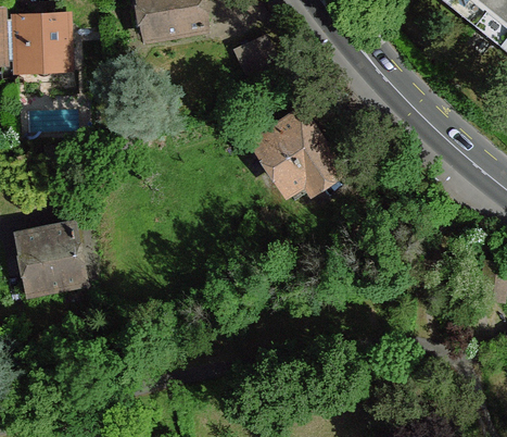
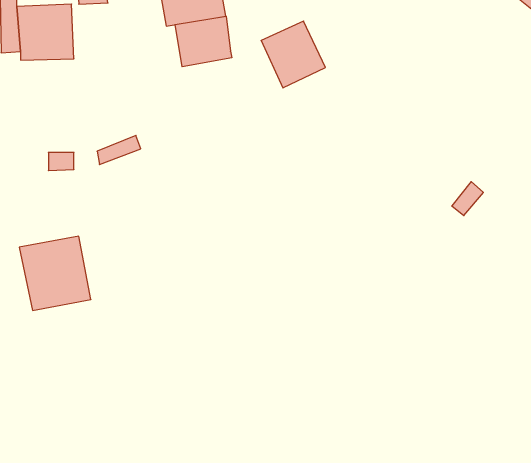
building: none -> [175,16,232,67]
building: [258,115,339,201] -> none

